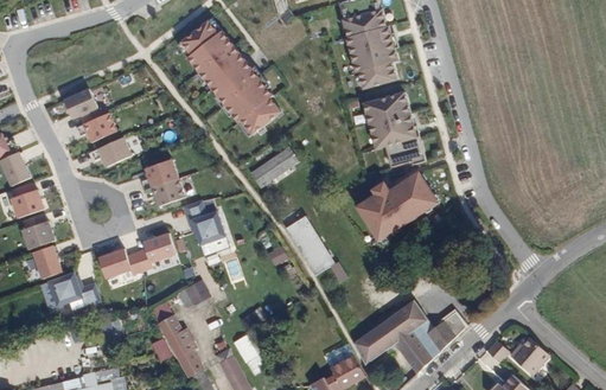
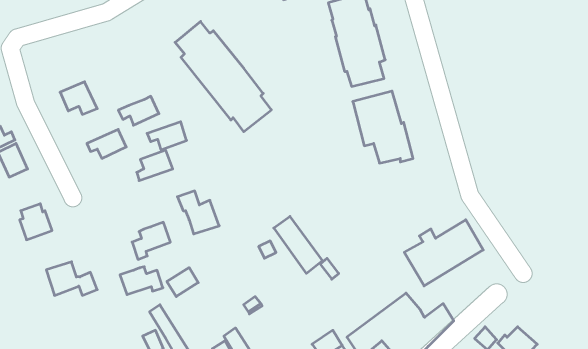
building: [75,110,116,140] -> [118,96,159,125]
building: [251,149,299,191] -> none
building: [355,174,435,242] -> [404,220,483,286]
building: [143,175,184,204] -> [147,122,187,150]
building: [11,180,44,216] -> none
building: [32,243,62,276] -> none
building: [98,247,142,275] -> [120,267,163,295]

